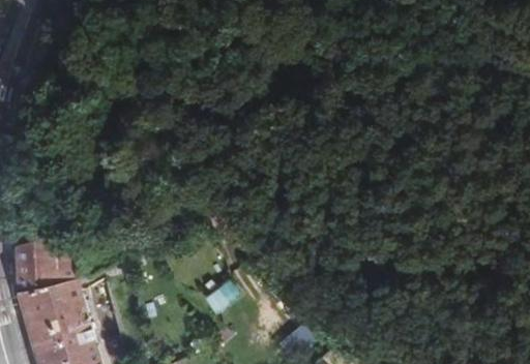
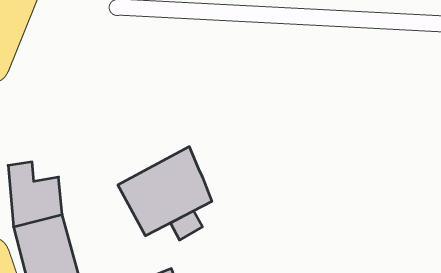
building: none -> [118,147,212,236]

